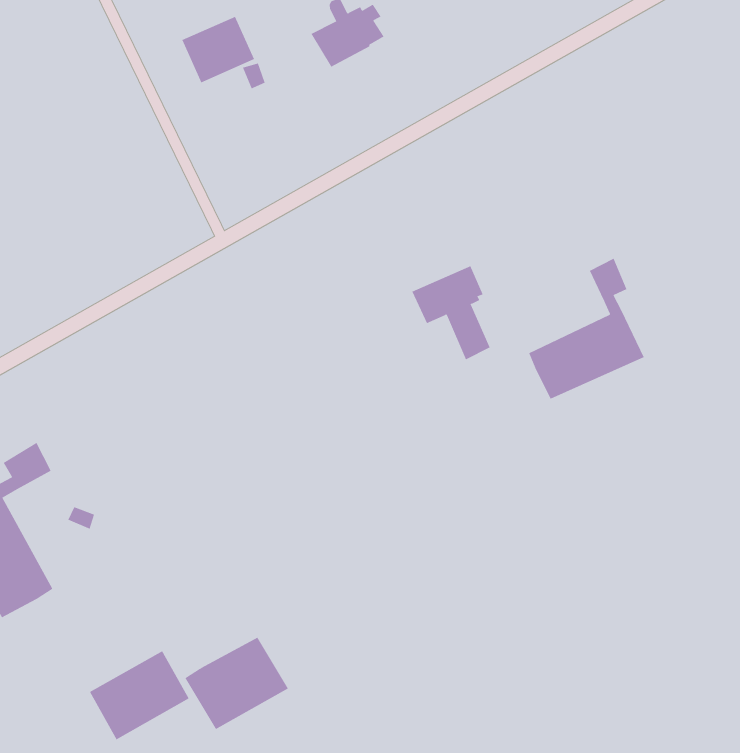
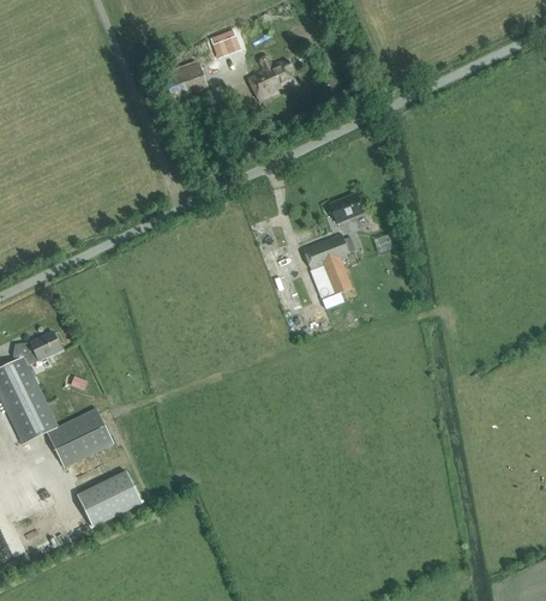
building: none -> [329,193,362,222]
building: [529,258,644,400] -> none
building: [185,637,289,730] -> [46,408,113,467]

